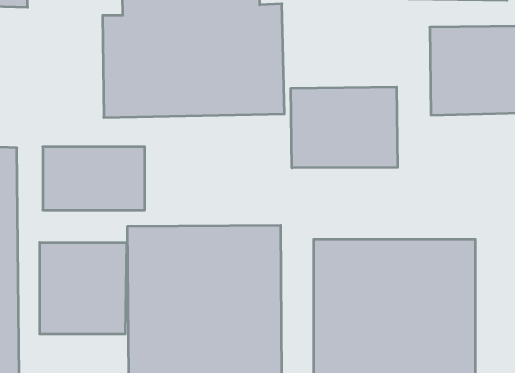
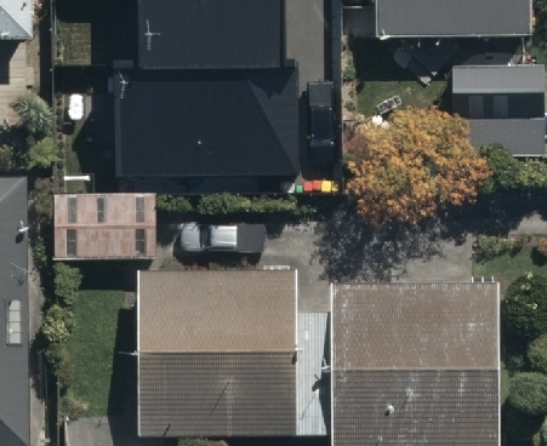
building: [291,87,398,168] -> none
building: [40,242,126,334] -> none

